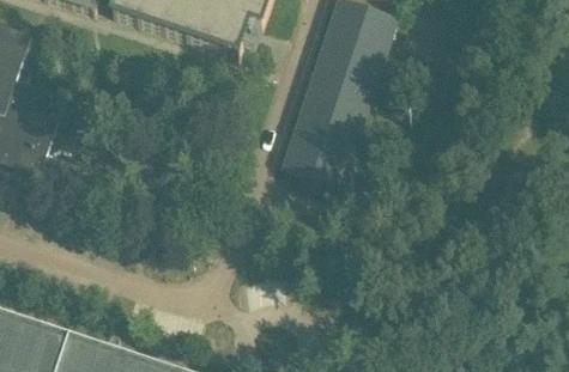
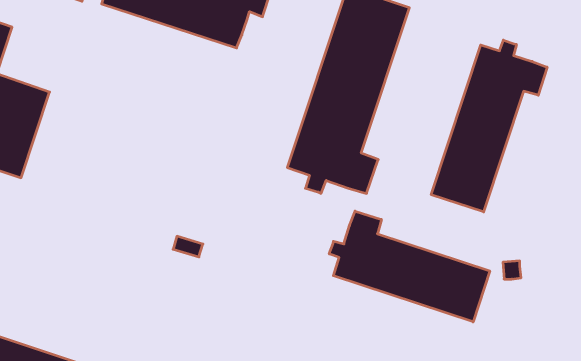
building: none -> [431,40,547,212]
building: none -> [329,211,490,322]

